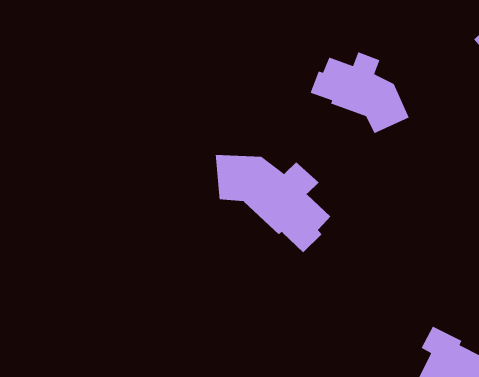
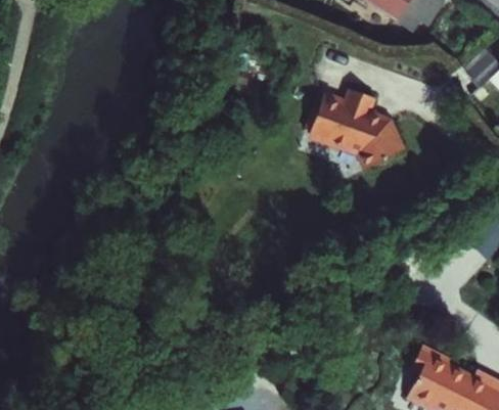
building: [215,154,331,253] -> none

